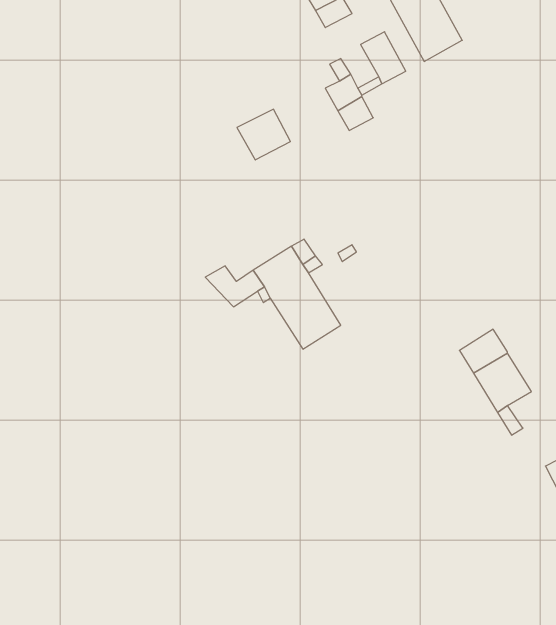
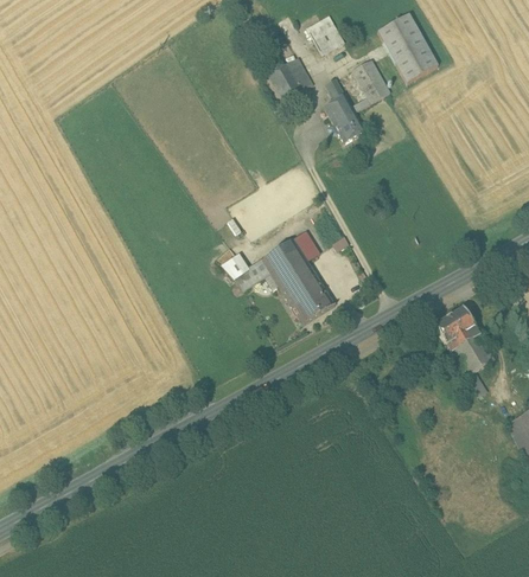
building: [237,109,290,160] -> [268,56,313,98]

